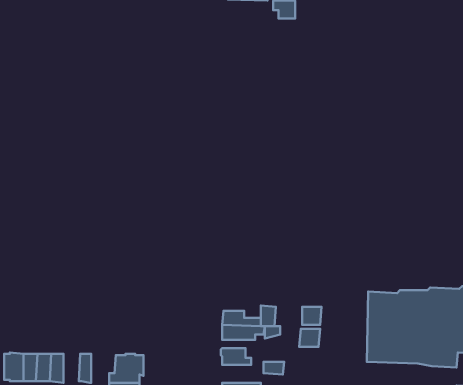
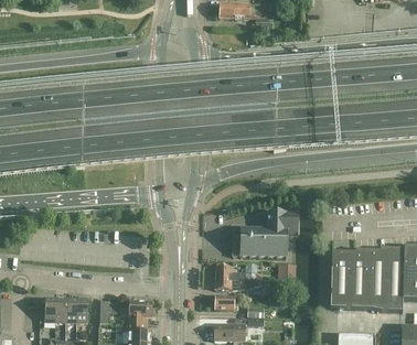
building: none -> [232,212,295,256]

